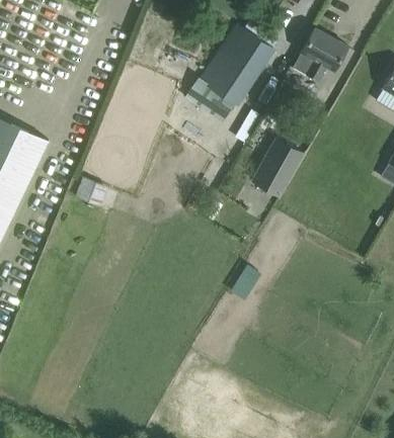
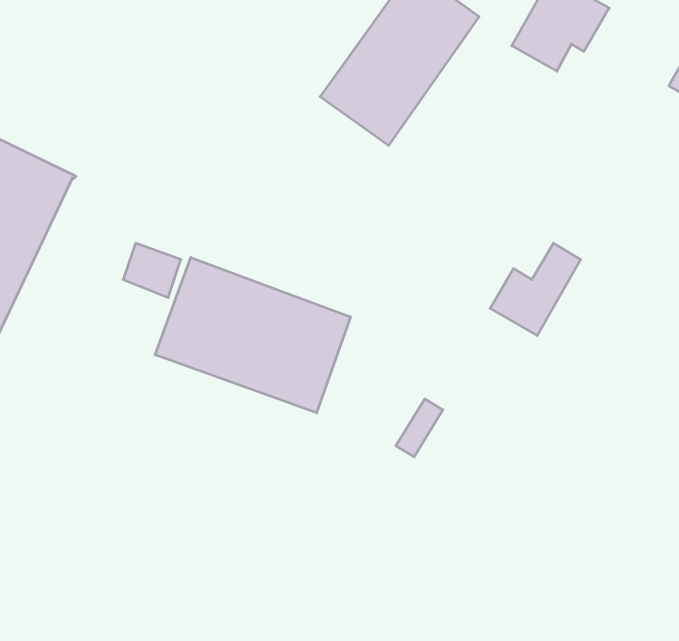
building: [253,144,304,195] -> [490,243,581,336]
building: none -> [155,257,350,413]

